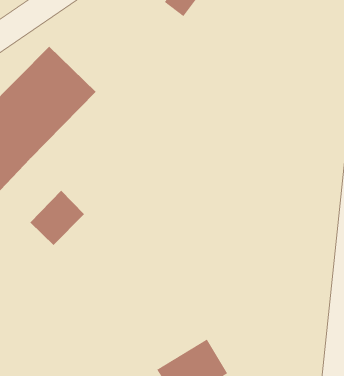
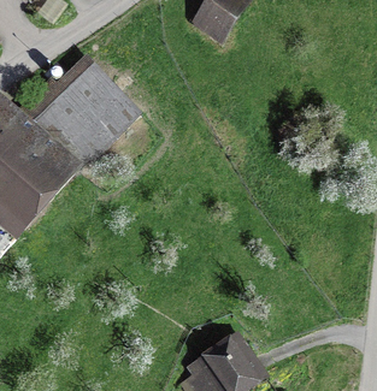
building: [29,190,85,246] -> none

